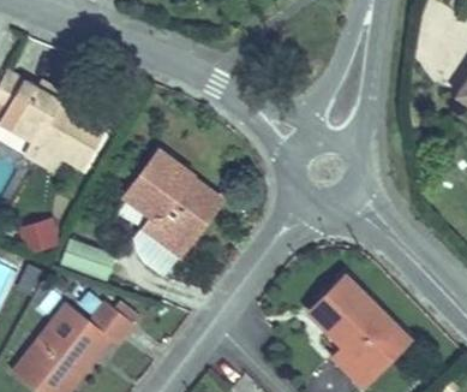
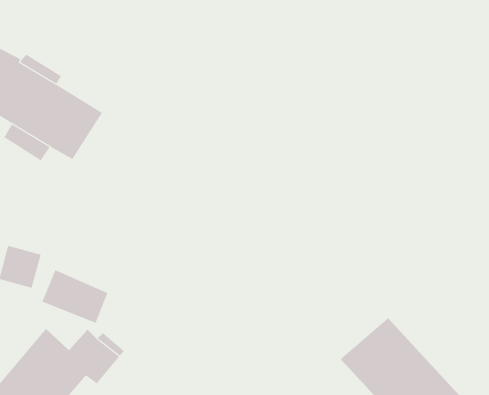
building: [119,135,223,274] -> none

